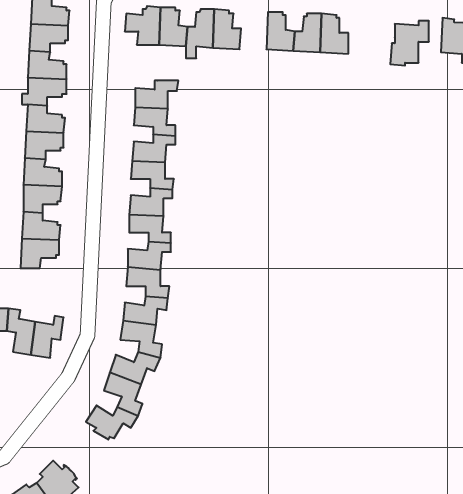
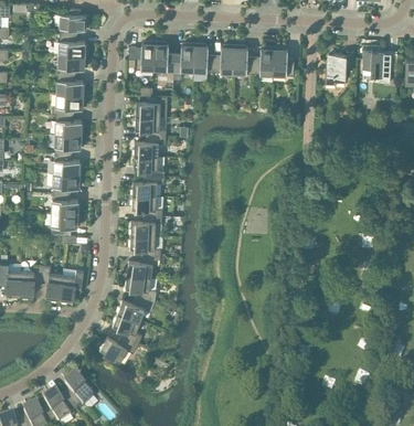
building: none -> [213,44,234,73]

